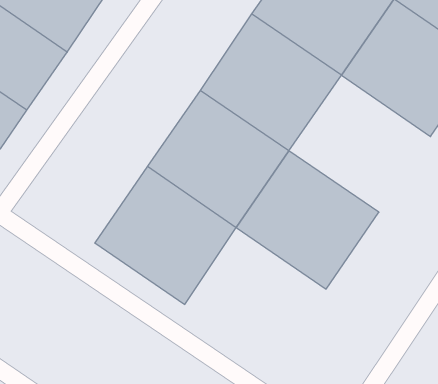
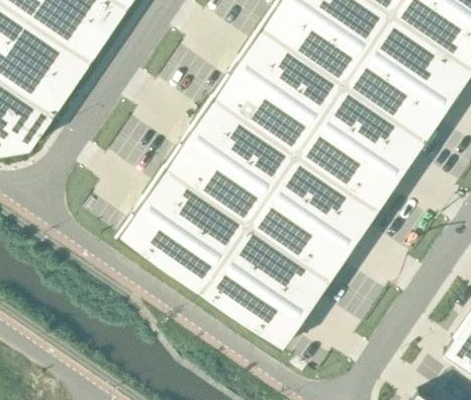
building: none -> [296,82,427,209]
building: none -> [200,223,331,349]

